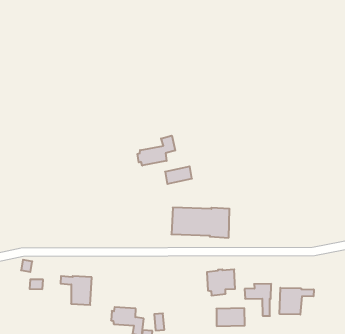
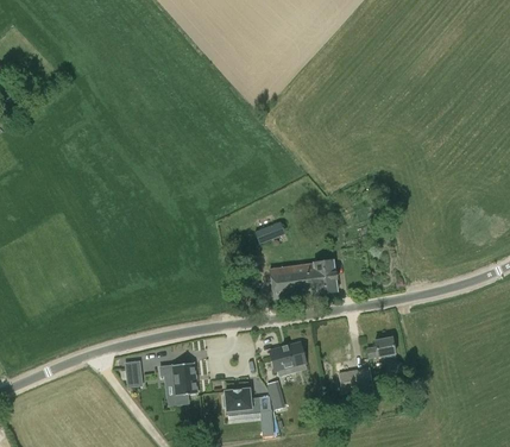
building: [137,136,175,166] -> none
building: [207,269,235,295] -> [270,341,304,374]
building: [280,288,314,315] -> none

